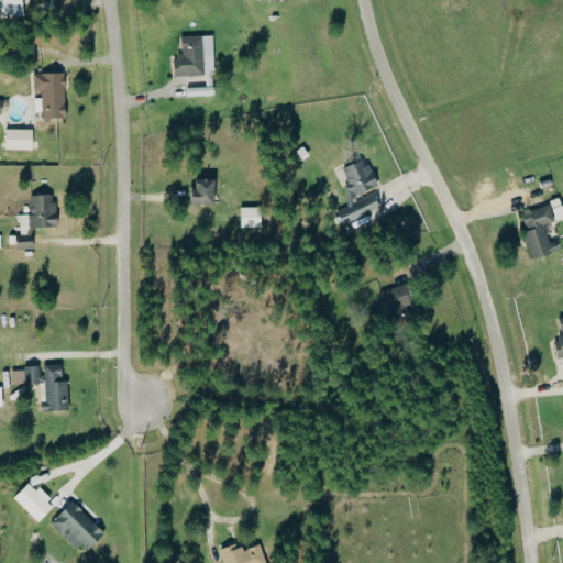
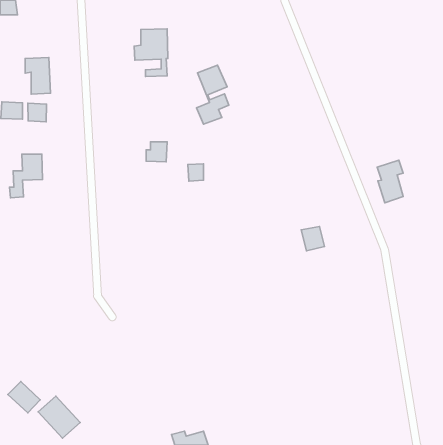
building: none -> [28,103,47,122]
building: [338,158,378,233] -> [197,65,229,124]
building: [521,206,554,260] -> [377,160,403,203]
building: [13,365,68,411] -> none

